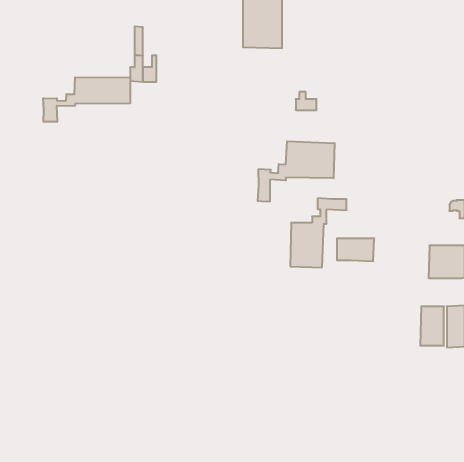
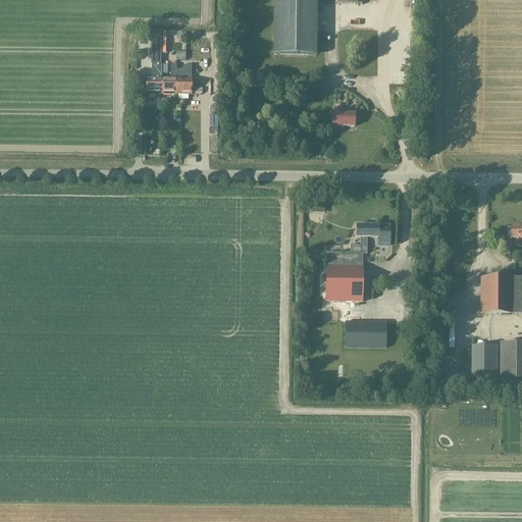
building: none -> [176,62,192,92]
building: [43,77,130,122] -> none
building: [258,141,335,202] -> none
building: [337,238,374,261] -> [345,320,386,346]

